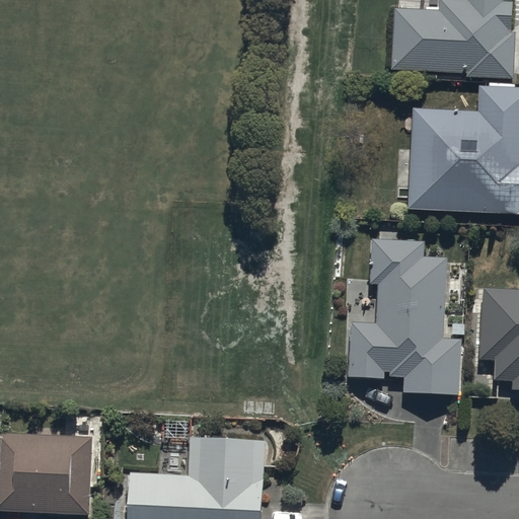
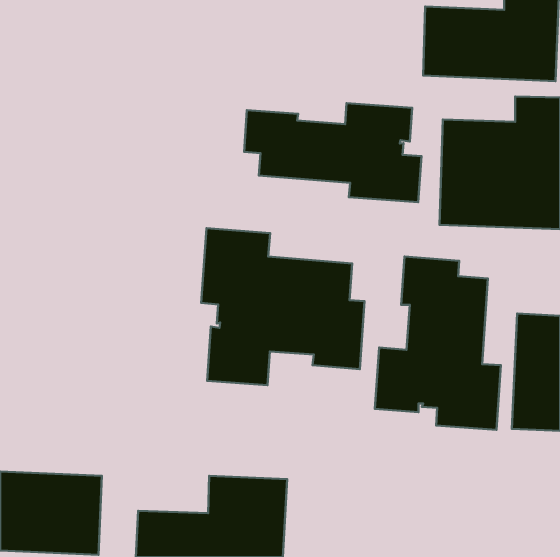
building: none -> [244,103,421,202]
building: none -> [201,228,365,385]

